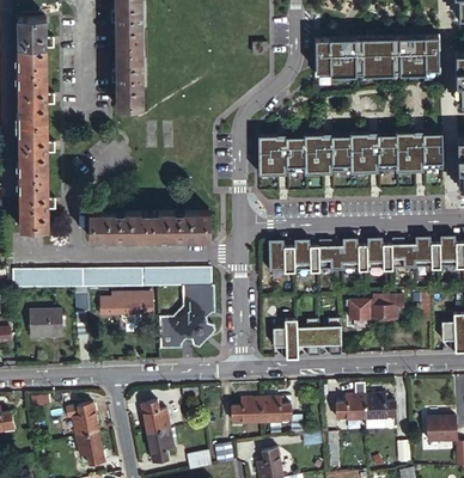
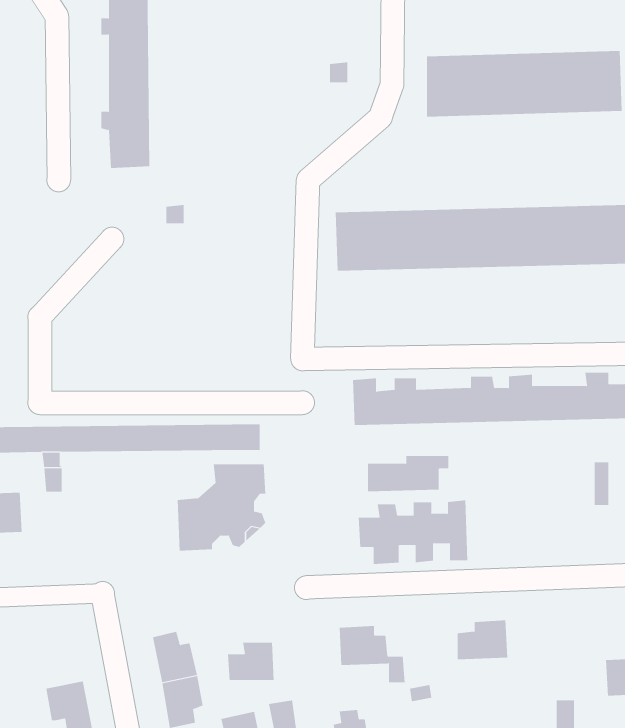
building: [88,213,207,244] -> none
building: [99,295,151,323] -> none
building: [350,295,402,318] -> [367,456,449,492]
building: [365,391,395,416] -> none
building: [231,397,261,421] -> [227,642,275,680]
building: [71,400,99,435] -> none

